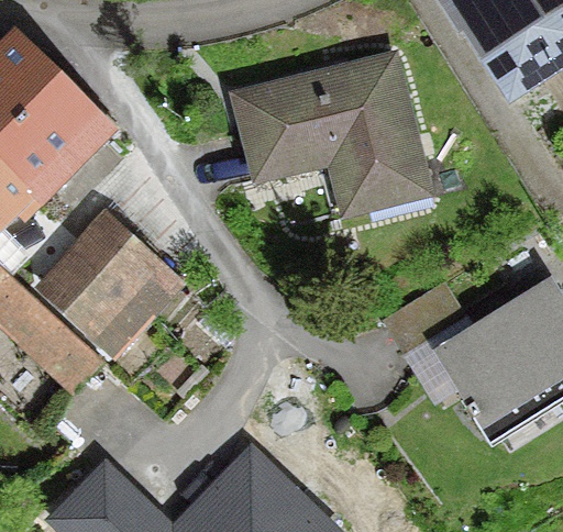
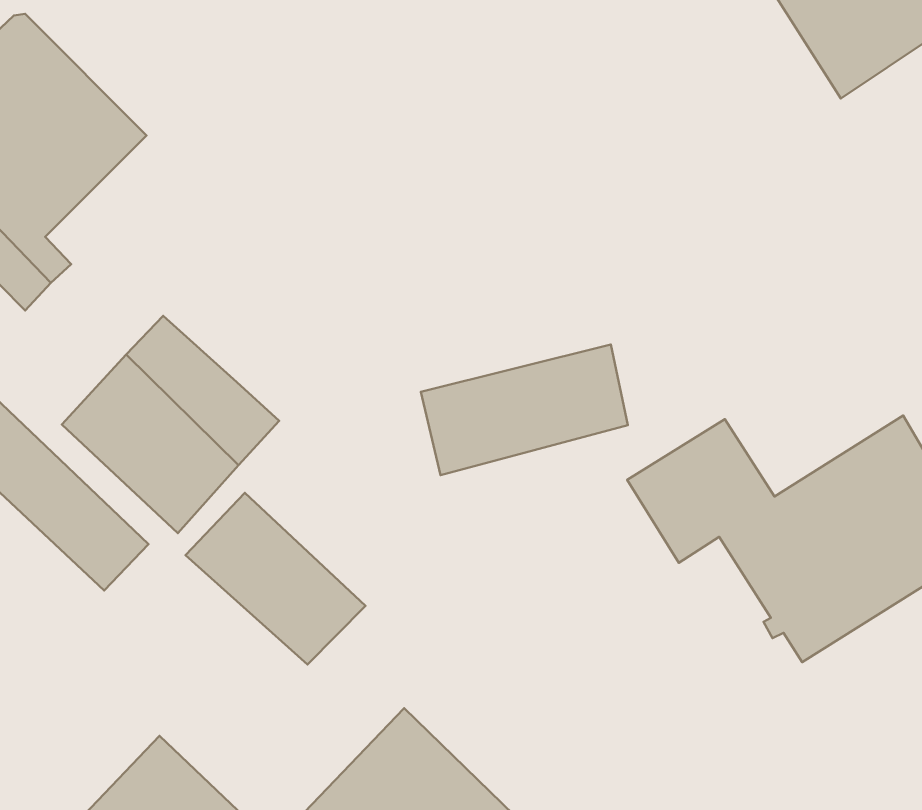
building: [235,59,424,207] -> none
building: none -> [421,345,628,475]
building: none -> [185,493,366,665]

